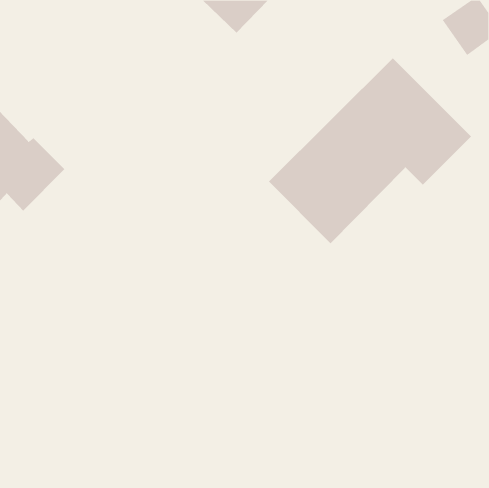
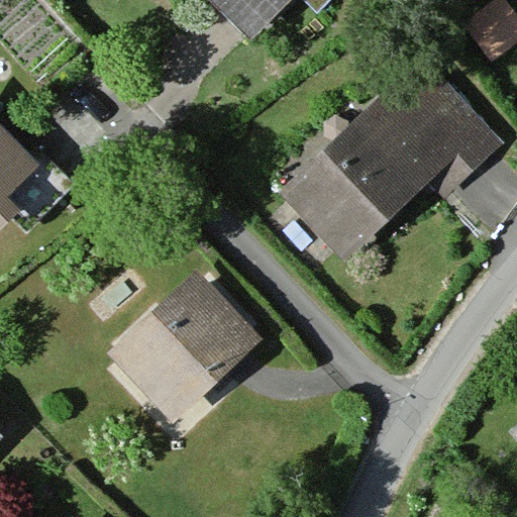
building: none -> [116,270,254,407]

